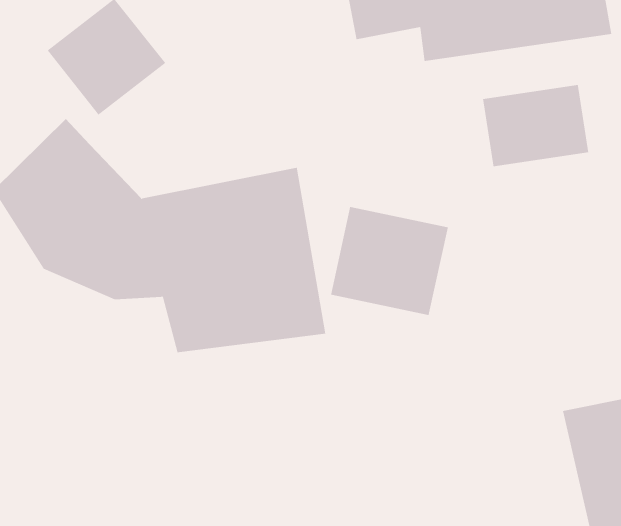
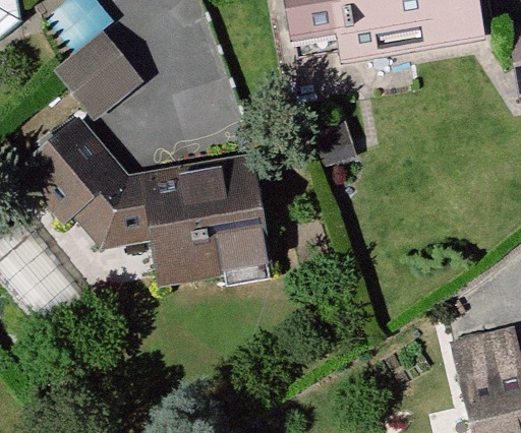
building: [482,84,589,167] -> none
building: [330,206,448,316] -> none

